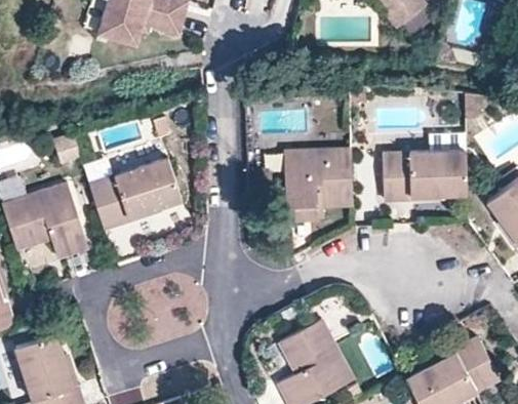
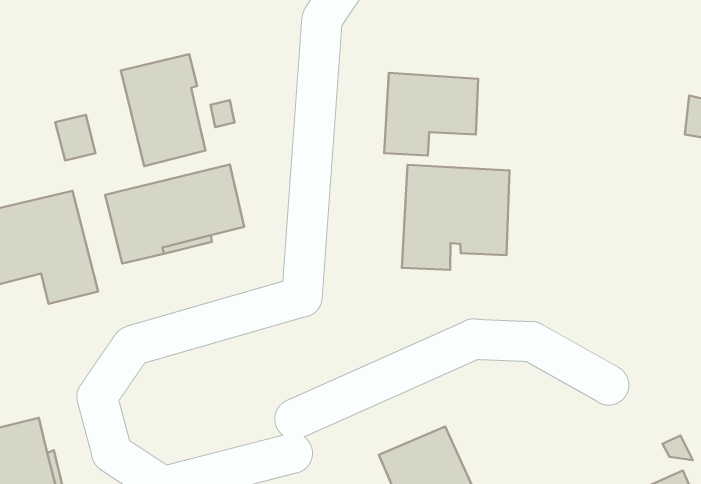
building: none -> [121,54,205,166]
building: none -> [384,73,478,155]
building: [382,152,467,201] -> none

